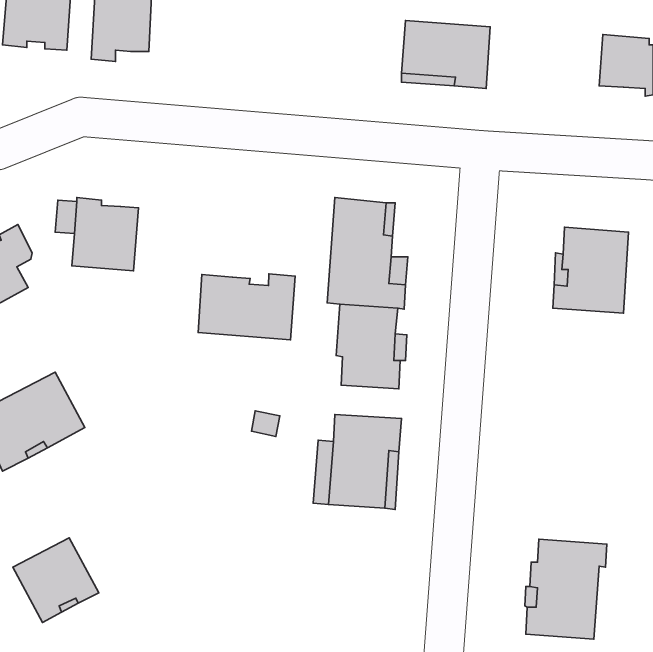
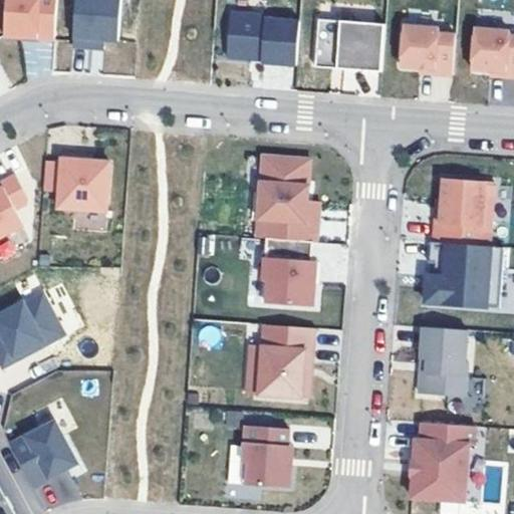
building: none -> [227,12,298,65]
building: none -> [399,25,454,74]
building: [198,274,295,340] -> none
building: none -> [424,241,503,307]
building: none -> [419,326,467,396]
building: none -> [242,425,290,487]

